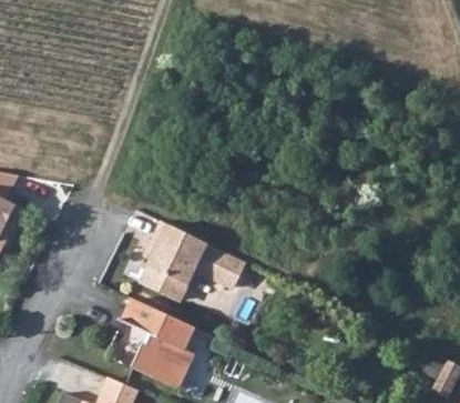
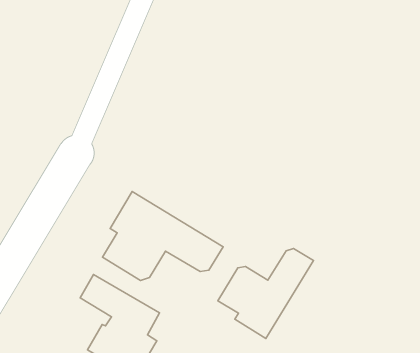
building: none -> [218,249,313,339]

